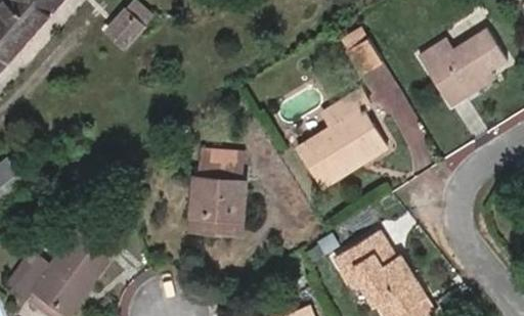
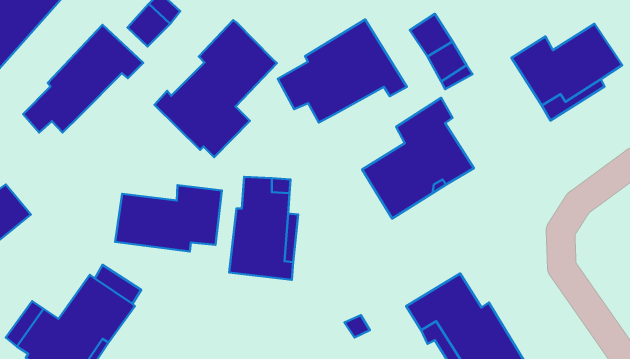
building: none -> [278,19,407,122]
building: none -> [154,20,277,157]
building: none -> [23,25,143,133]
building: none -> [115,185,222,251]

